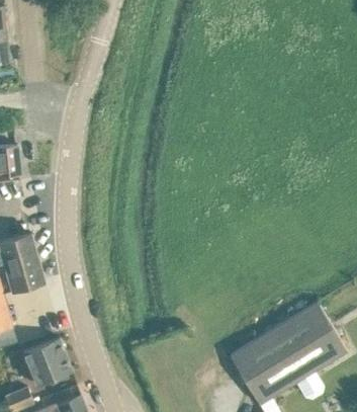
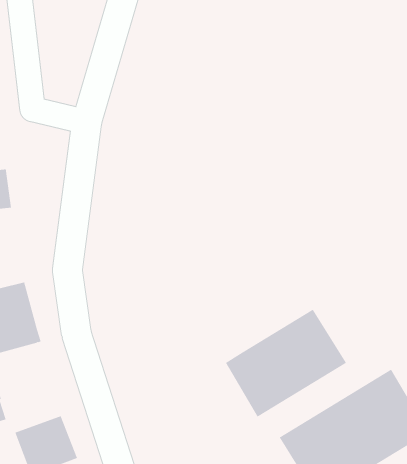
building: none -> [225,309,347,418]

